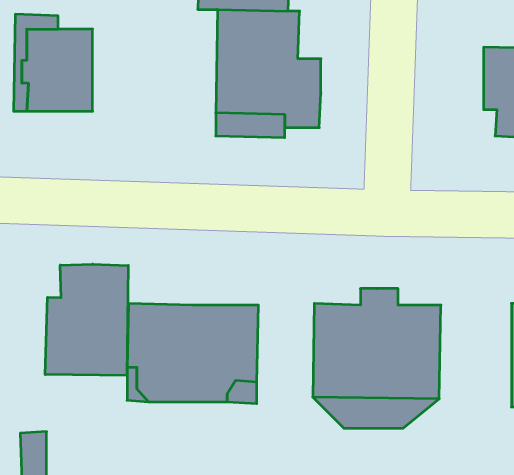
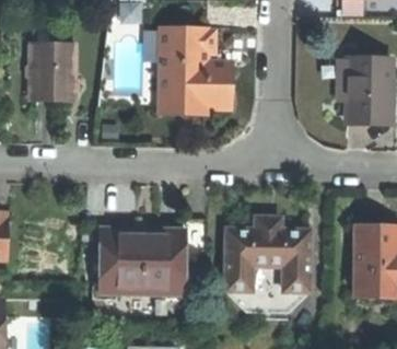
building: [45,264,128,375] -> none

